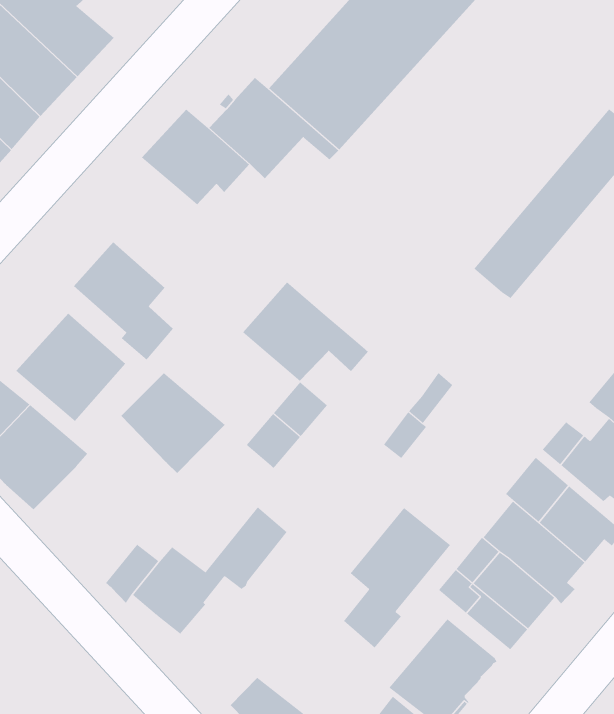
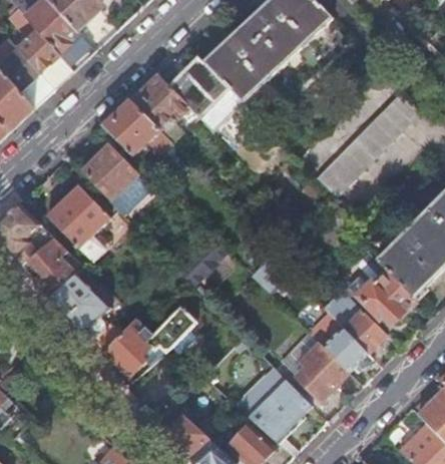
building: [242,282,369,381] -> [101,98,173,156]
building: [120,372,226,474] -> [51,274,111,333]
building: [343,507,451,648] -> none

